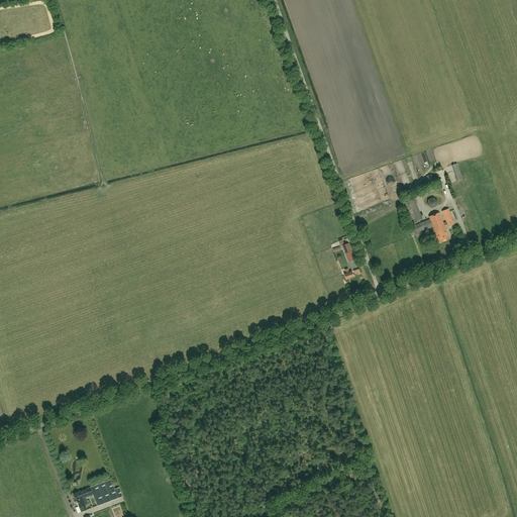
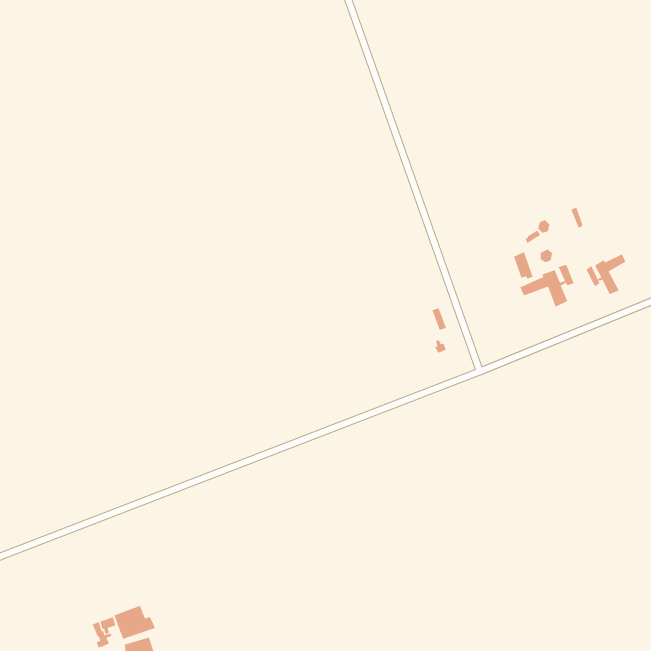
building: none -> [586,254,626,295]

